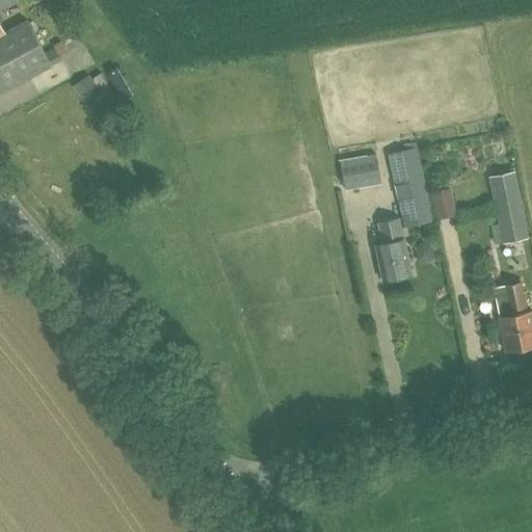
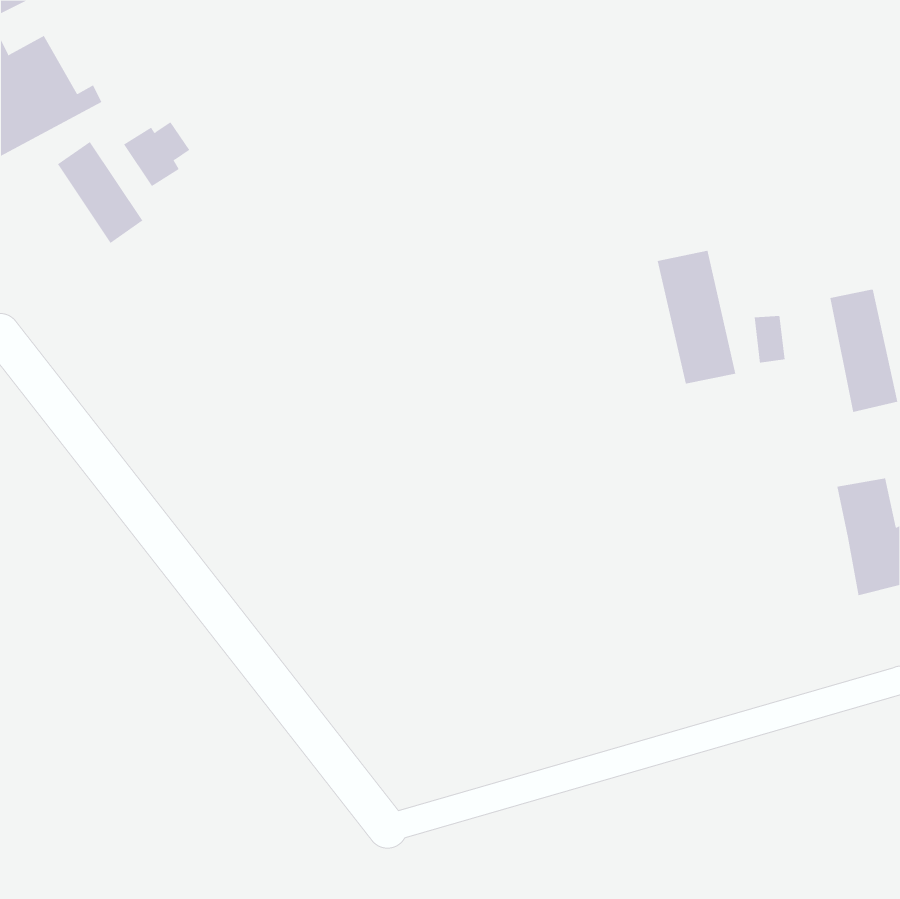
building: none -> [57,141,143,244]
building: [341,154,381,191] -> none
building: [375,219,411,282] -> none

